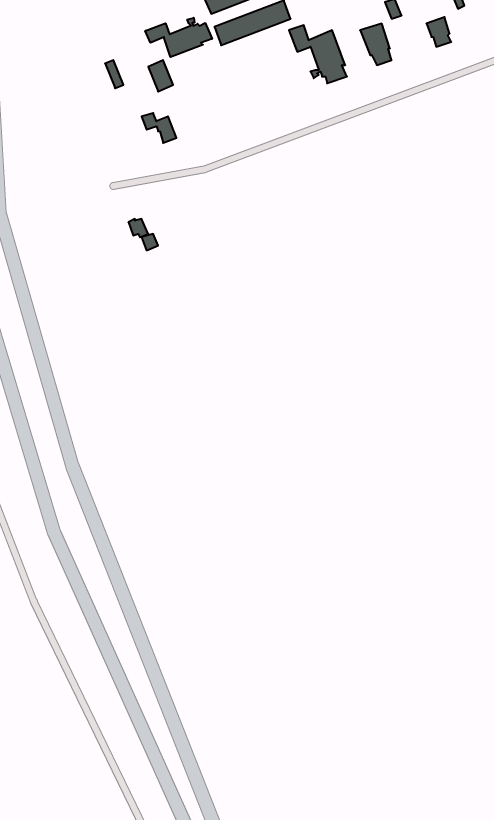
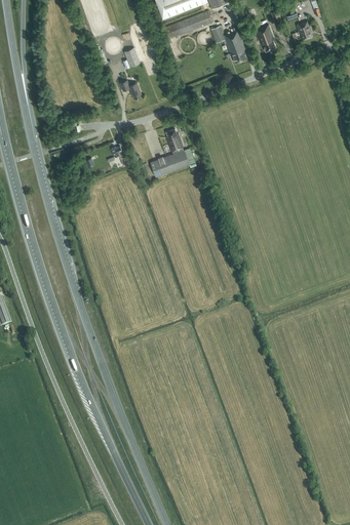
building: [145,18,212,57] -> none
building: none -> [151,128,197,176]

